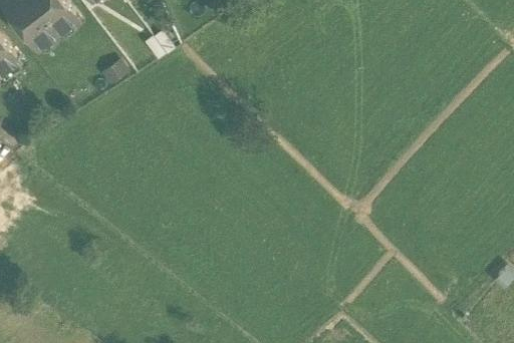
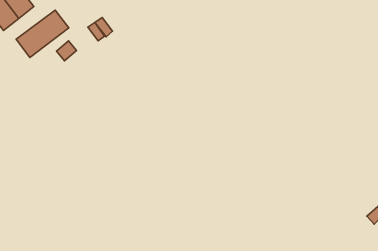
building: none -> [16,10,69,58]

